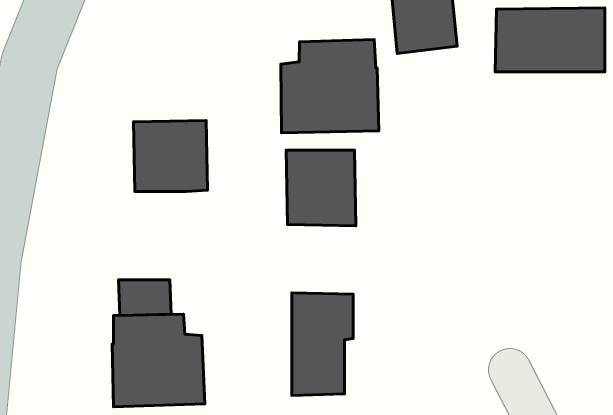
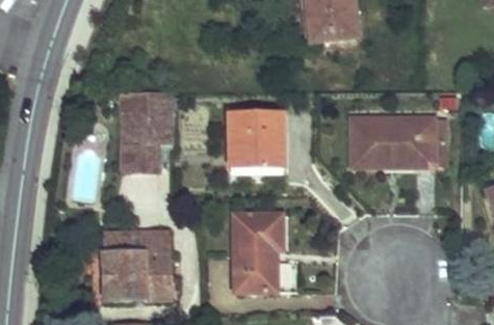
building: [495,8,605,72] -> [354,116,434,163]
building: [281,40,379,133] -> none
building: [118,280,171,315] -> [122,142,160,168]

